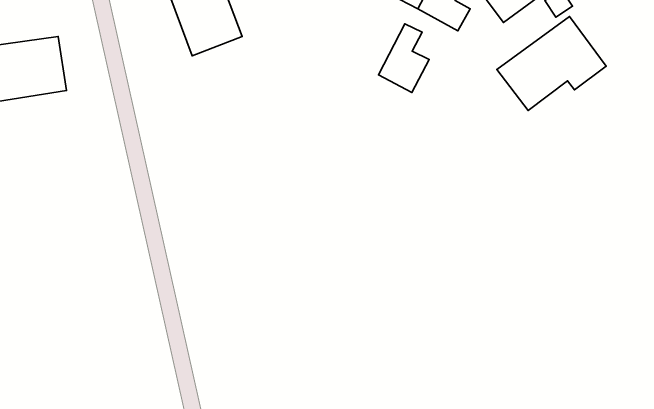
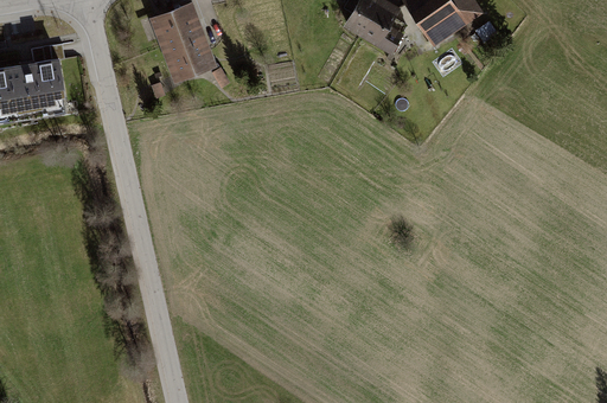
building: [497,16,606,111] -> none
building: [378,24,429,92] -> none

